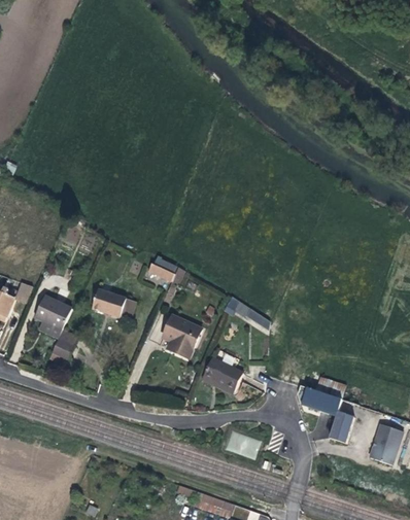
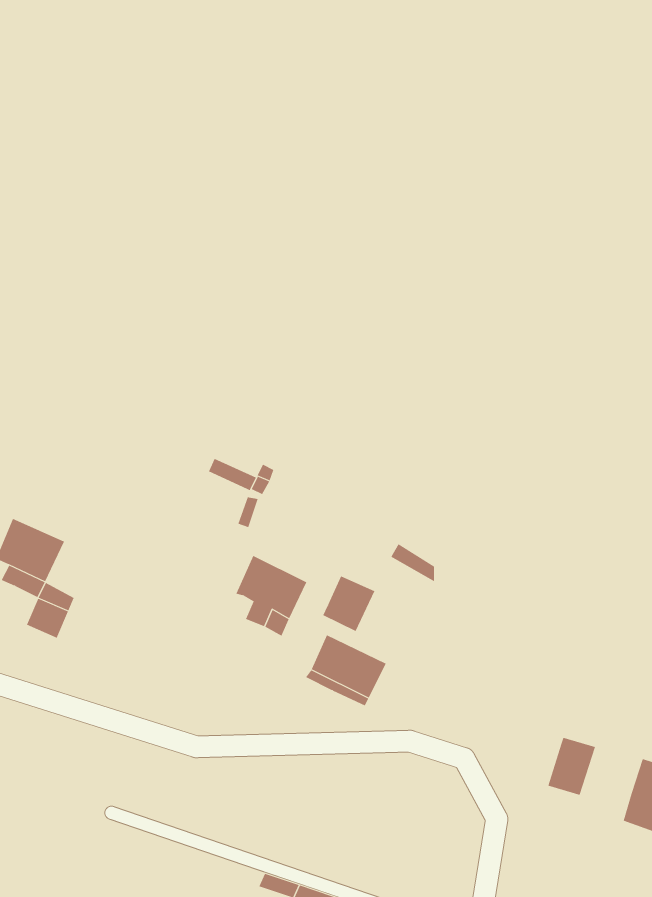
building: [93,289,136,319] -> none
building: none -> [322,575,375,632]
building: [297,384,342,414] -> none

